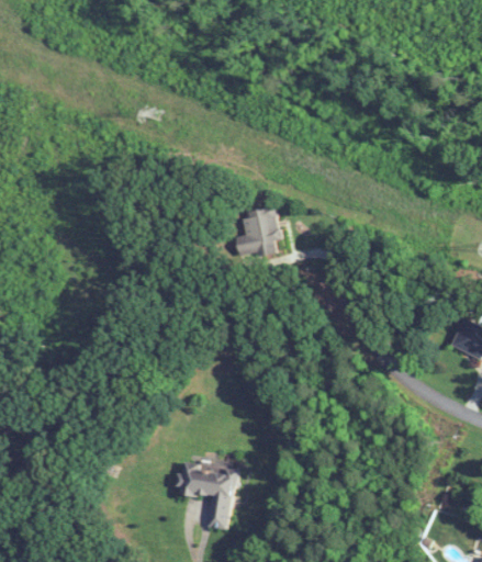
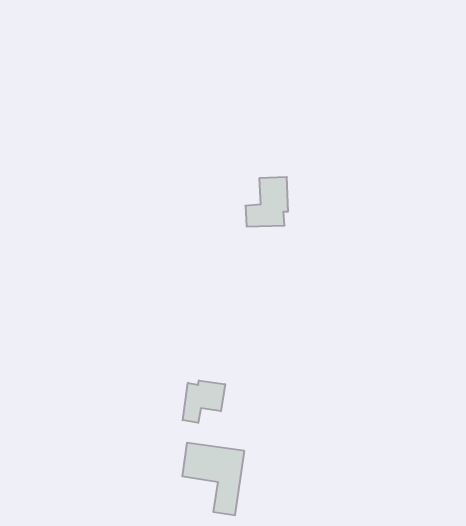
building: none -> [183,380,225,423]

